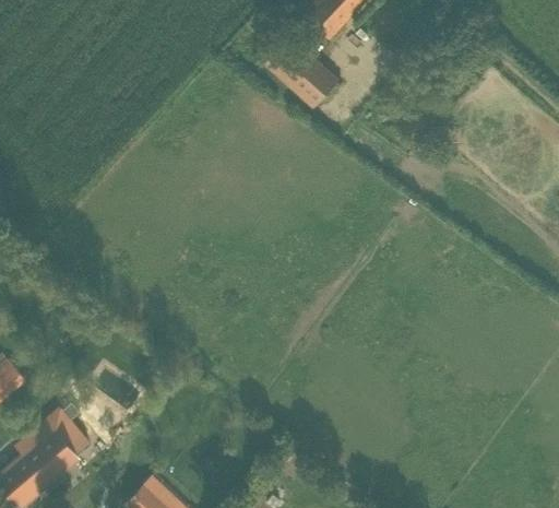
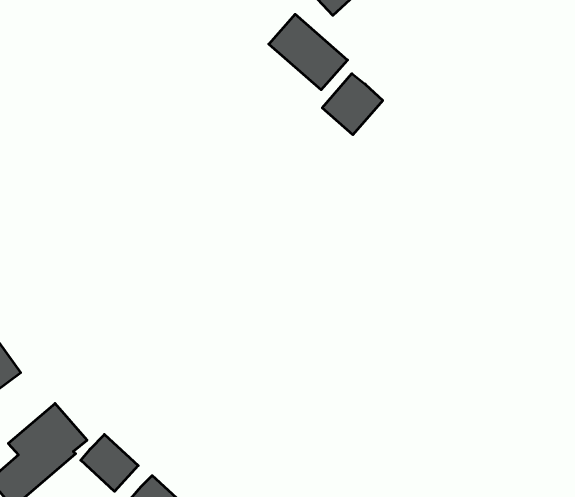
building: none -> [322,74,383,135]
building: none -> [81,434,138,491]

